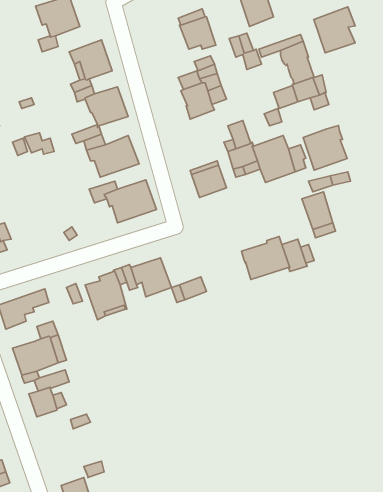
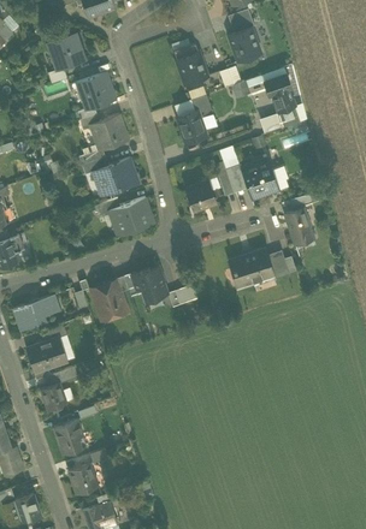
building: [314,7,355,53] -> none
building: [303,126,347,170] -> none
building: none -> [53,418,85,454]

